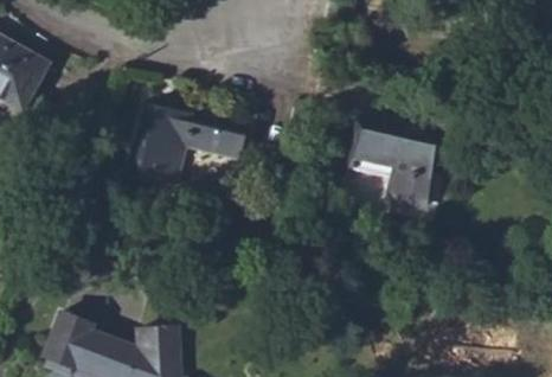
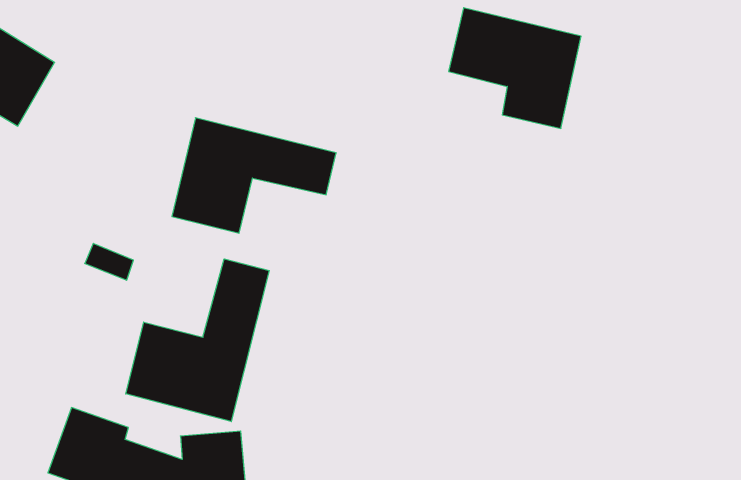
building: [347,123,441,209] -> [449,8,581,128]
building: none -> [126,259,269,422]

